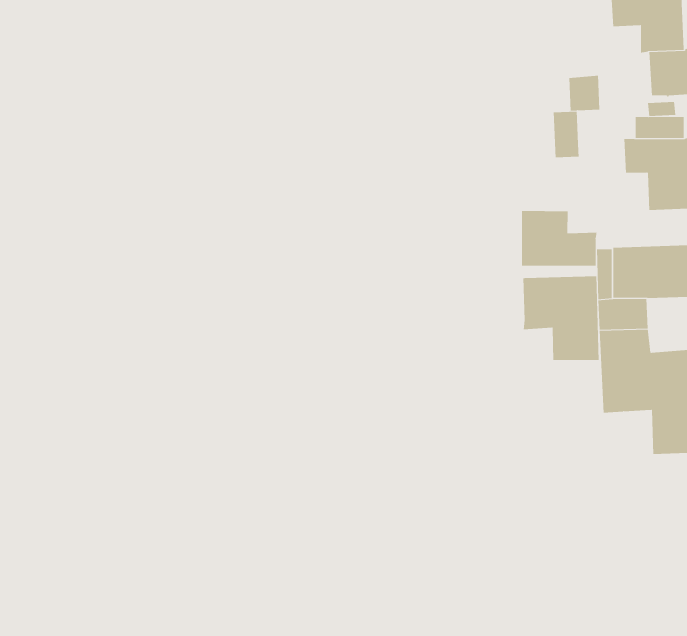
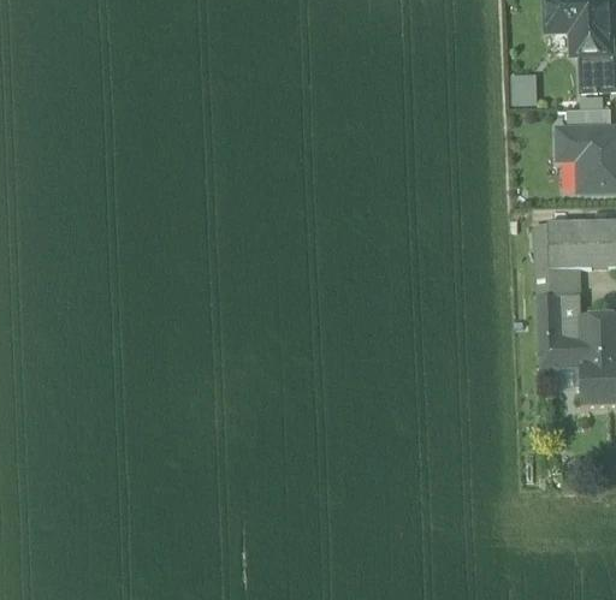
building: [553,111,579,158] -> none
building: [521,210,597,267] -> none
building: [523,276,599,361] -> none

